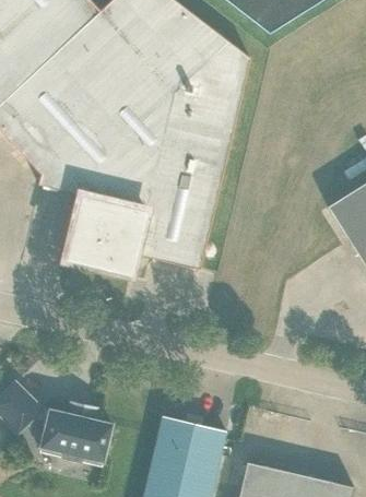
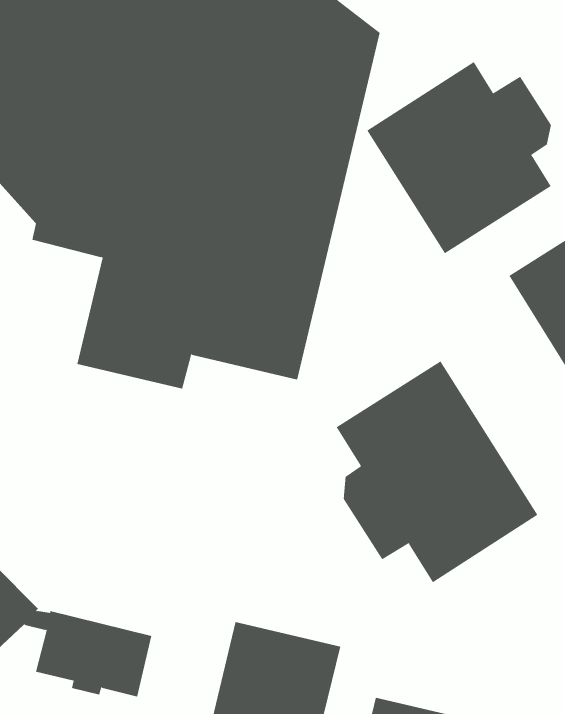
building: none -> [367,61,552,254]
building: none -> [336,361,538,583]

